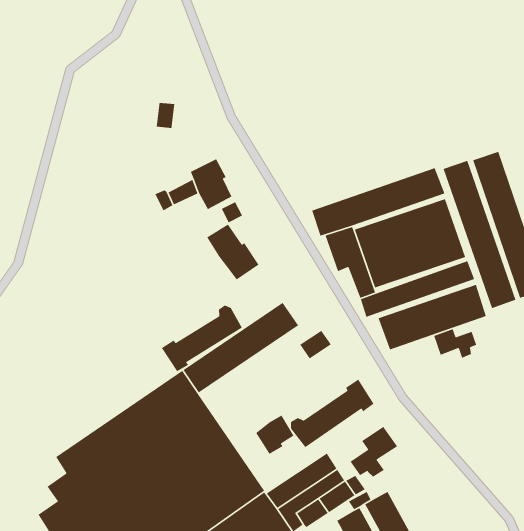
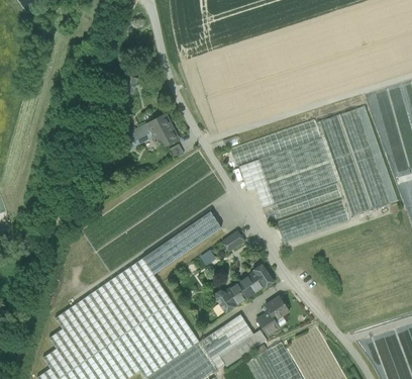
building: [206,223,259,280] -> none
building: [161,304,243,372] -> none
building: [433,328,477,359] -> none
building: [255,415,295,455] -> none

